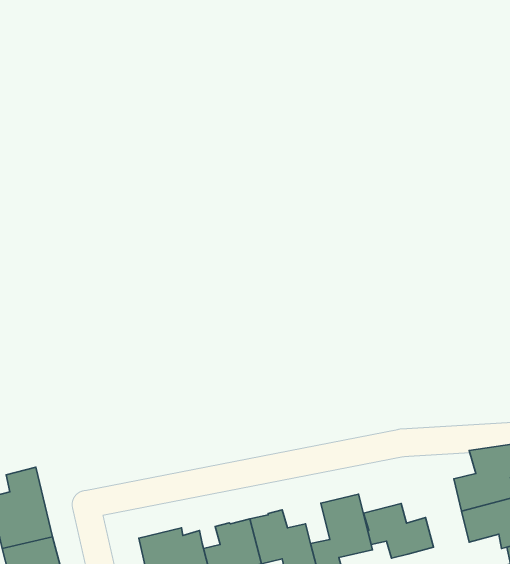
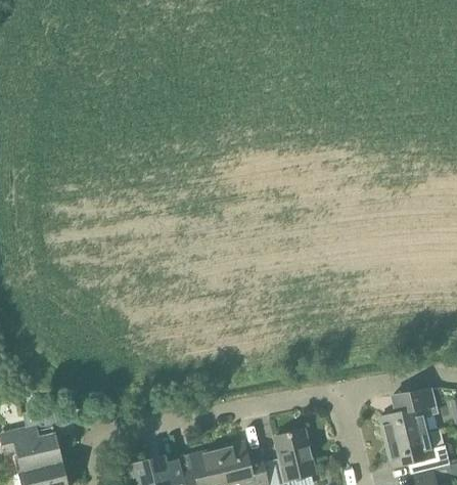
building: [364,503,434,558] -> none

